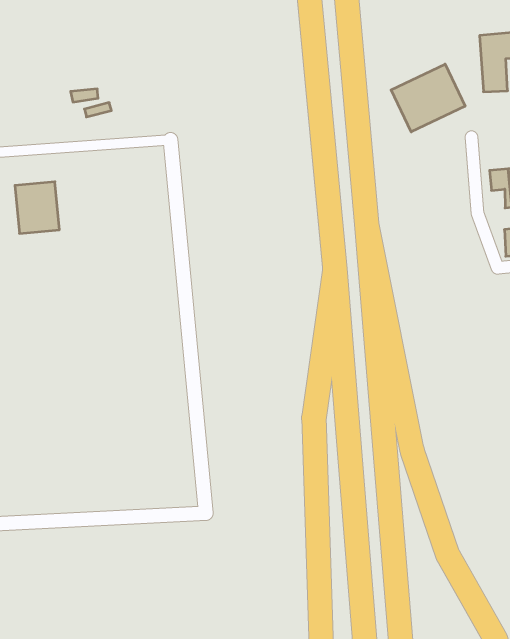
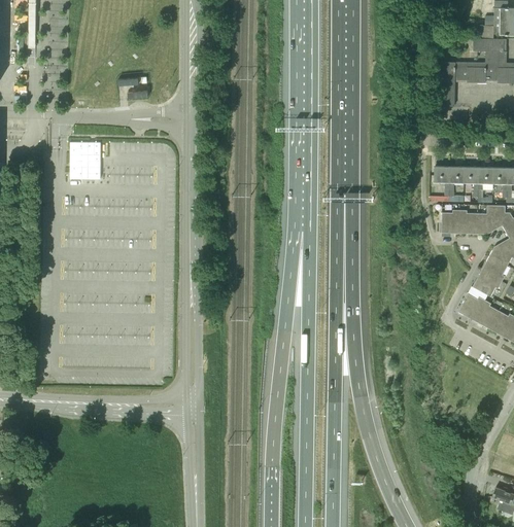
building: [391,64,465,132] -> none

